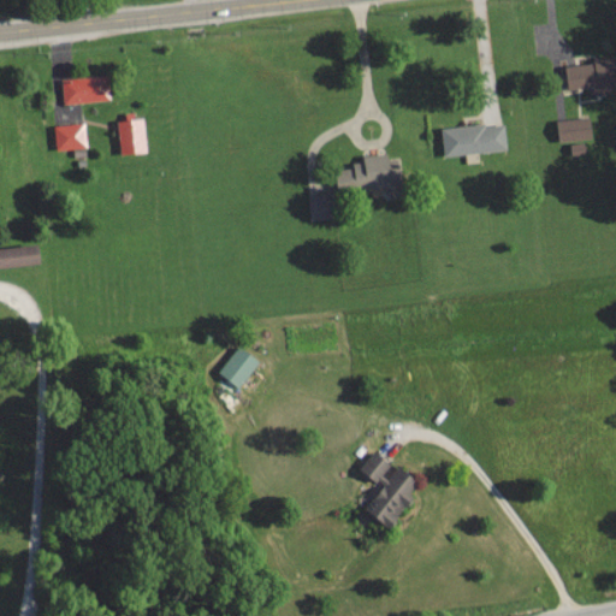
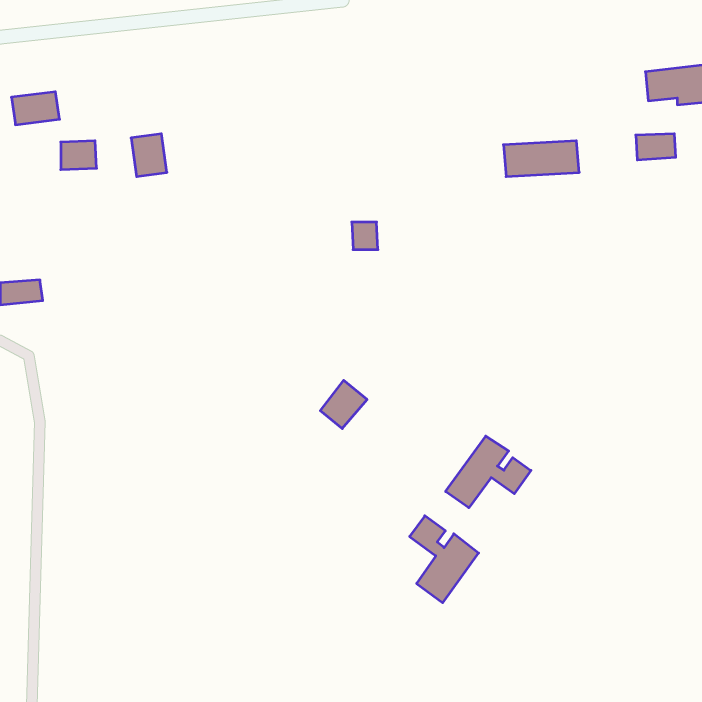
building: [61,77,103,106] -> [11,92,60,125]
building: [337,155,399,190] -> none
building: [219,346,260,389] -> [320,380,367,429]
building: none -> [446,436,531,508]

